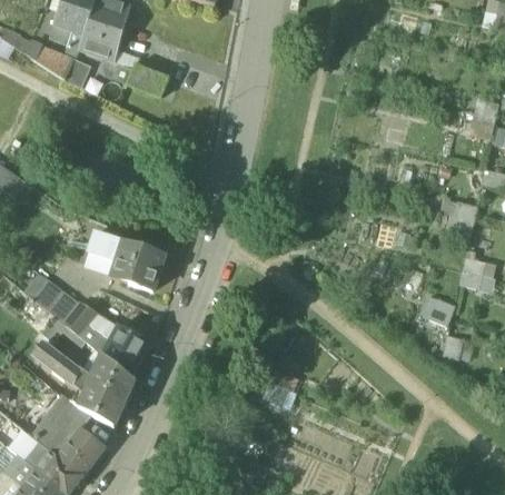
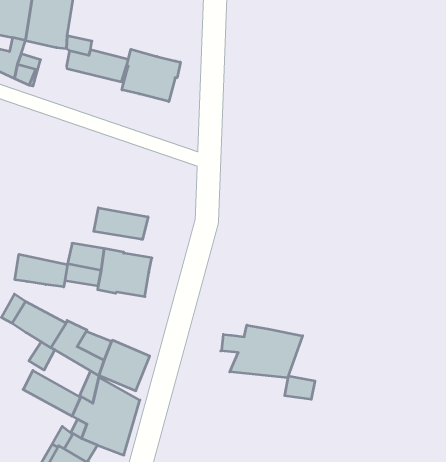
building: none -> [122,49,180,102]
building: none -> [94,208,148,239]
building: none -> [15,254,68,287]
building: none -> [221,325,303,378]

